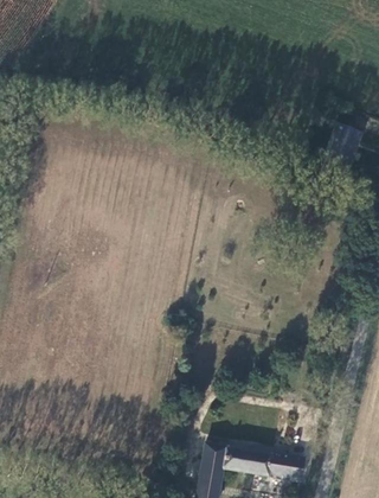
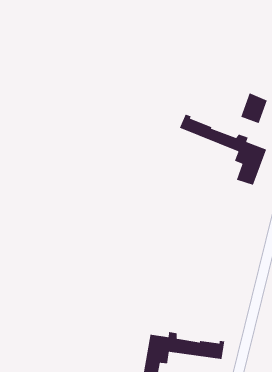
building: none -> [179,113,267,186]

